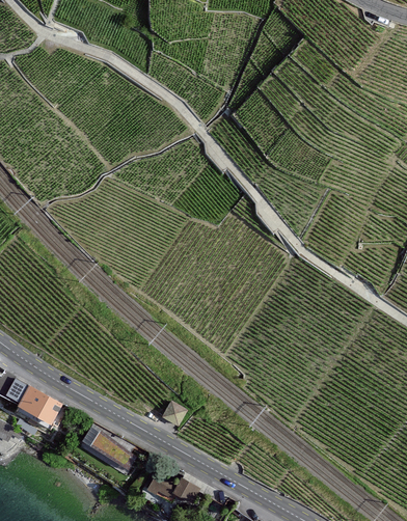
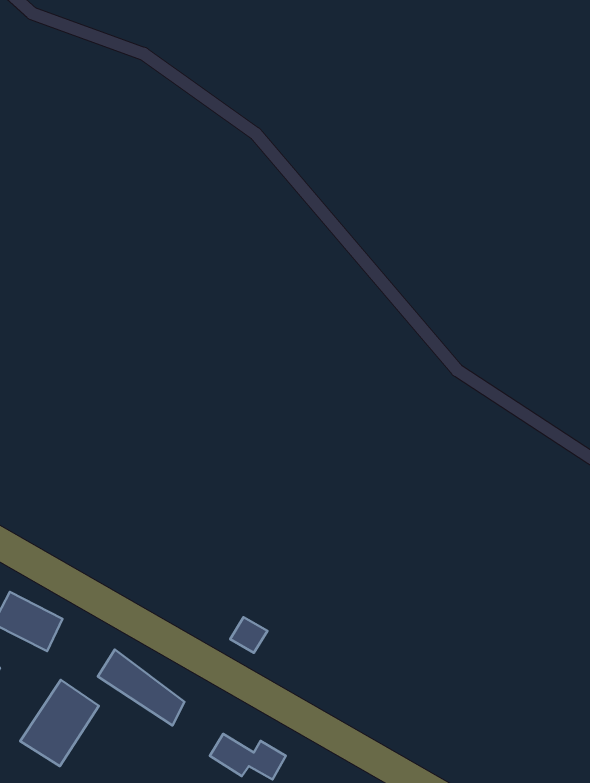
building: none -> [20,680,99,766]

